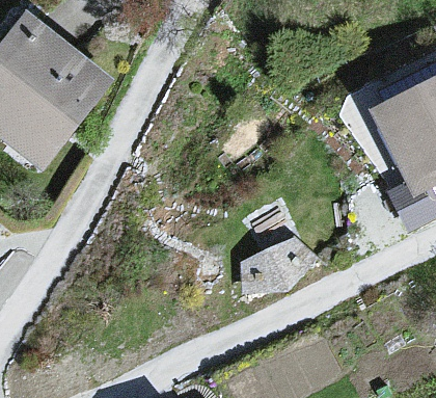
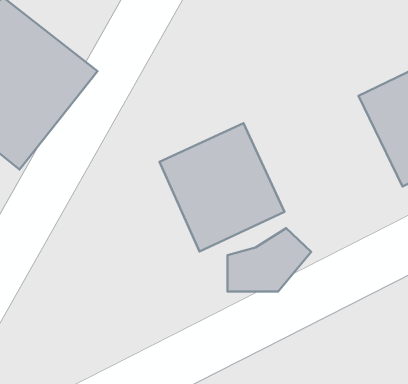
building: none -> [159,123,284,252]

